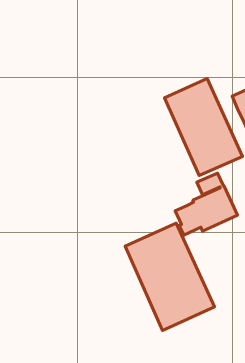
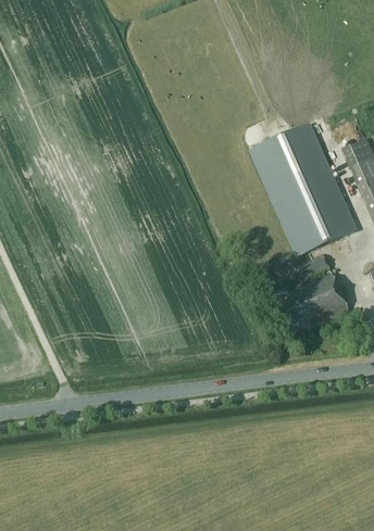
building: [125,223,214,331] -> none

